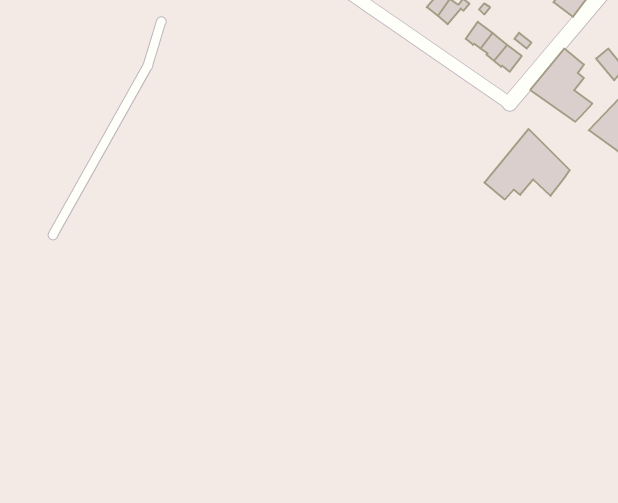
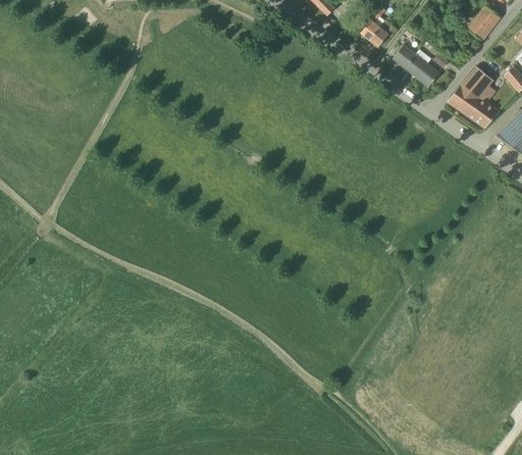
building: [484,129,570,199] -> none

